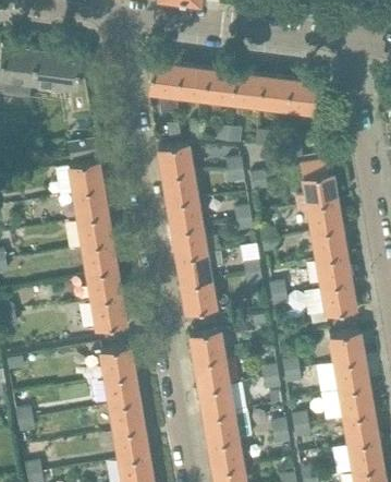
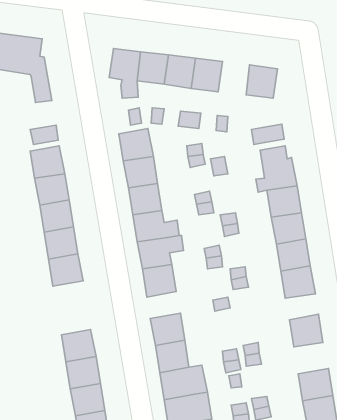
building: [257,77,289,111] -> none
building: [90,299,125,332] -> none
building: [333,361,368,393] -> none

